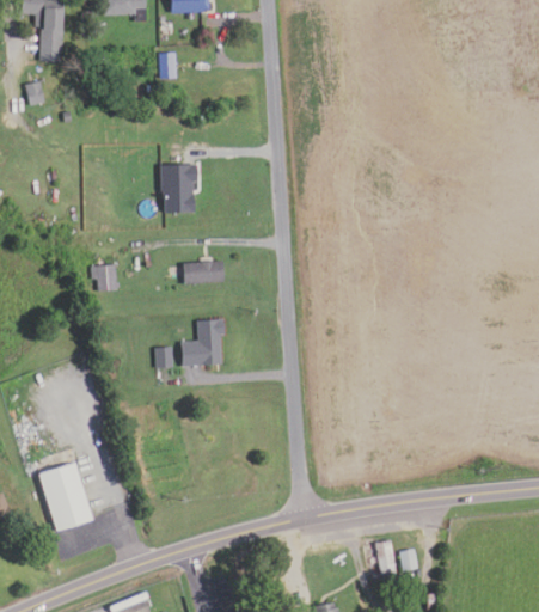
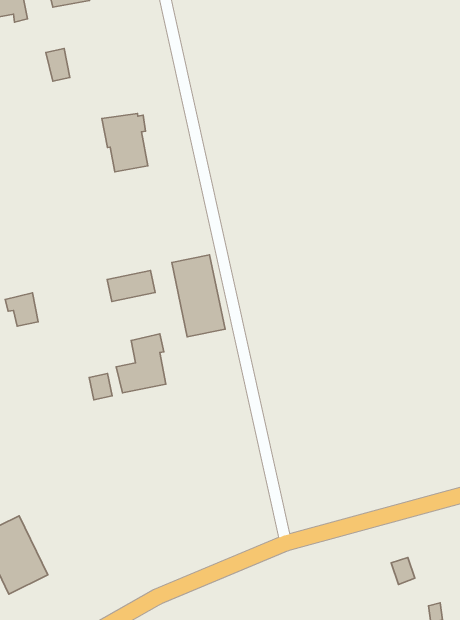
building: [160,165,197,214] -> [102,113,148,172]
building: none -> [172,255,225,337]
building: [370,539,397,574] -> none

